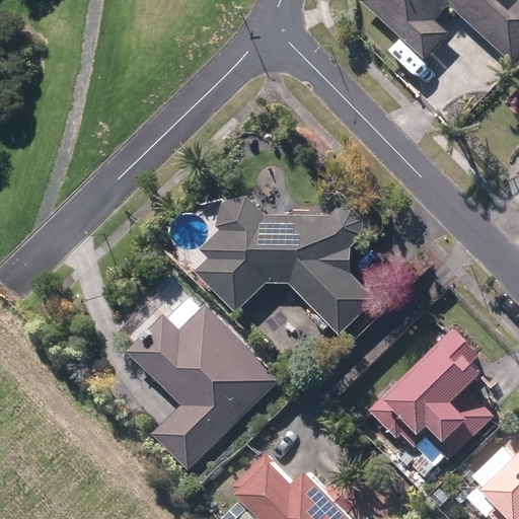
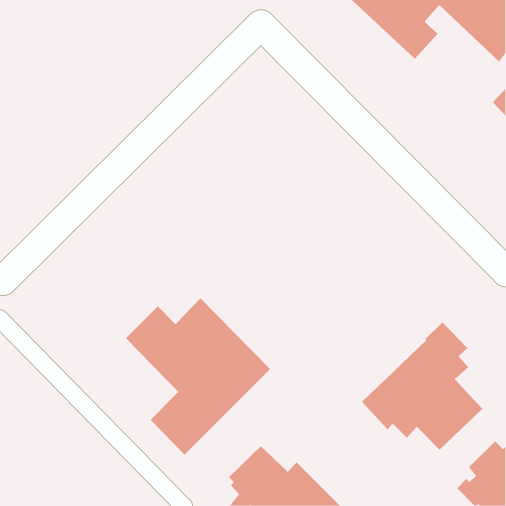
building: [197,198,375,336] -> none

